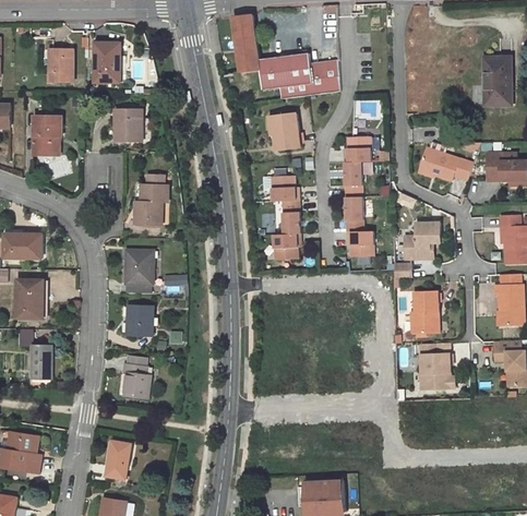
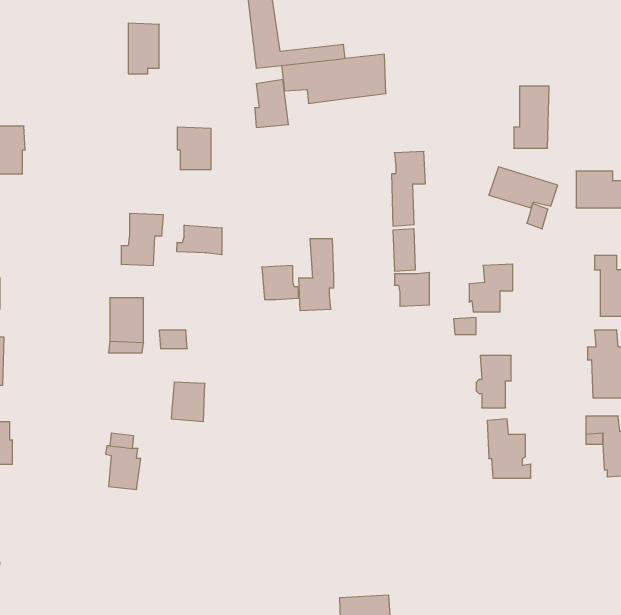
building: [94,41,118,81] -> [128,23,159,74]
building: [48,48,71,80] -> none
building: [482,56,510,104] -> [514,86,549,148]
building: [115,108,141,141] -> [177,127,211,169]
building: [273,111,299,148] -> [255,80,289,127]
building: [270,175,298,201] -> [262,266,298,299]
building: none -> [177,225,222,255]
building: [125,304,152,335] -> [171,382,205,422]
building: [106,440,130,478] -> none

